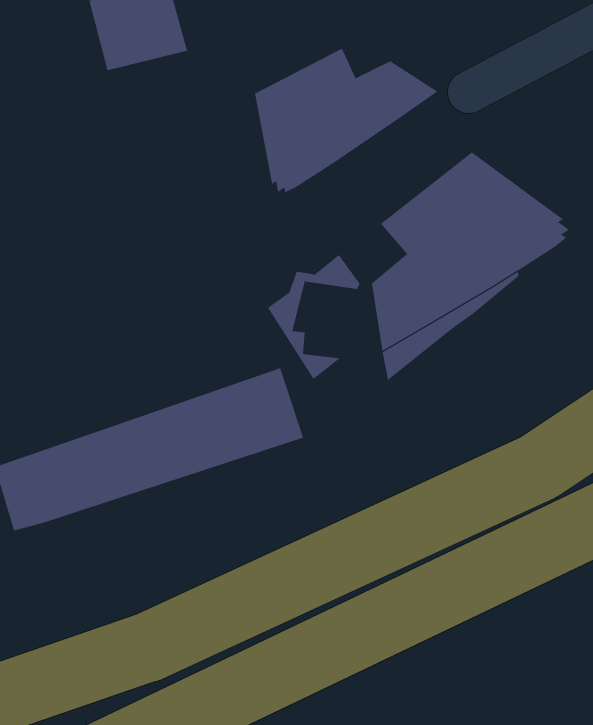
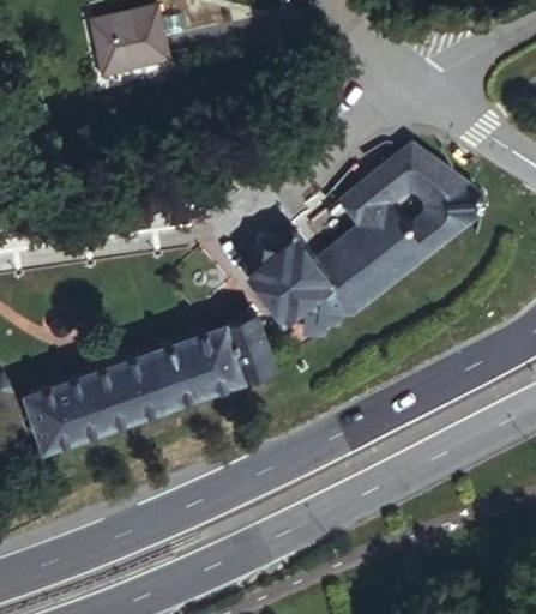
building: [255,48,439,193] -> none
building: none -> [261,251,336,344]

